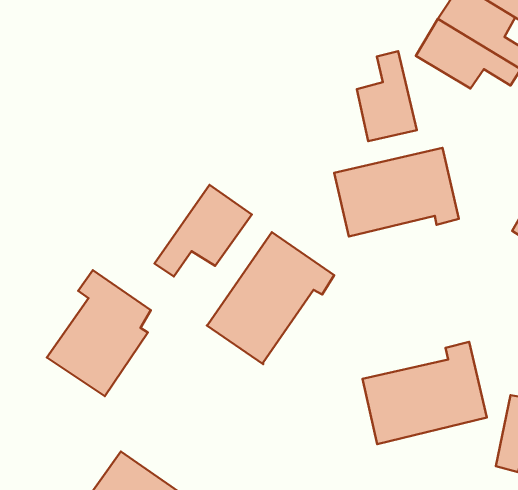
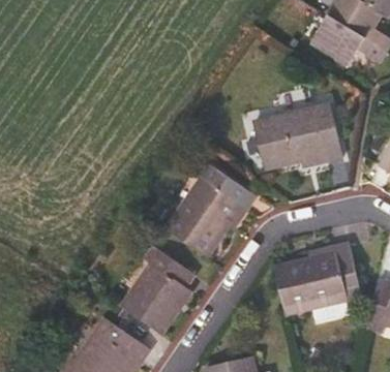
building: [357,51,417,141] -> none
building: [154,185,252,277] -> none
building: [47,270,151,396] -> [121,245,193,333]

